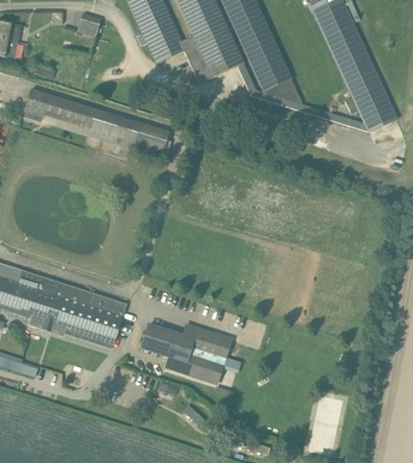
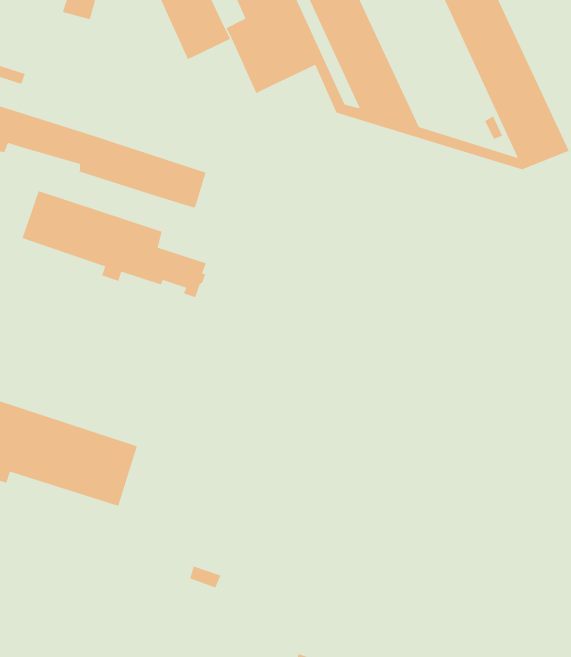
building: none -> [21,190,207,298]
building: [142,325,231,384] -> none

